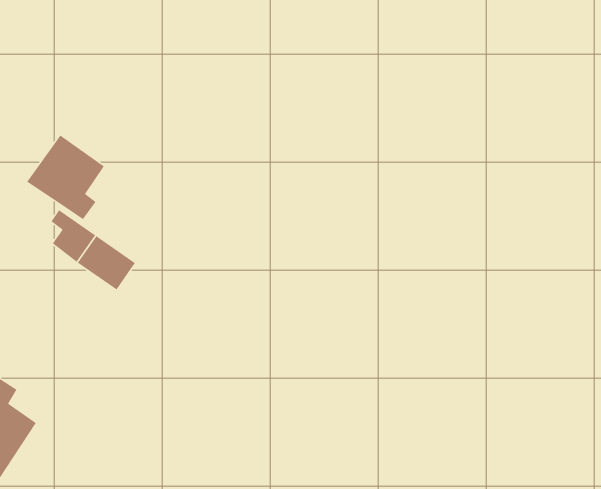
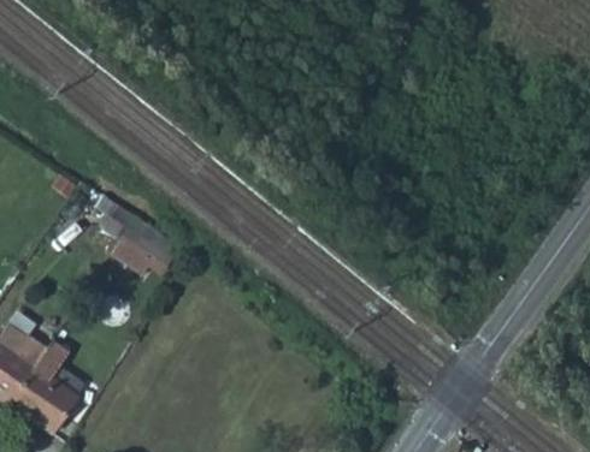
building: [26,135,105,220] -> none

